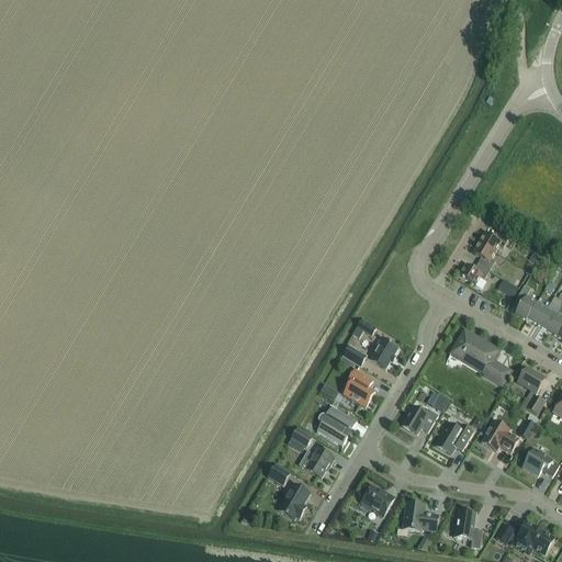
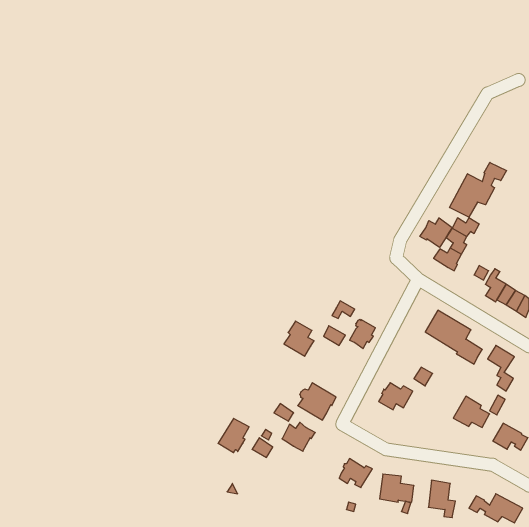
building: none -> [450,162,507,217]
building: none -> [420,218,452,247]
building: [342,369,374,406] -> [284,321,314,356]
building: [434,422,473,456] -> none
building: [277,483,310,519] -> [218,418,249,453]

